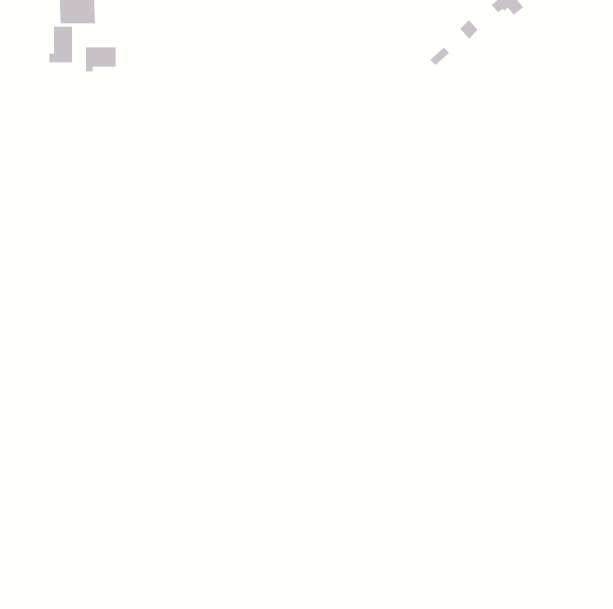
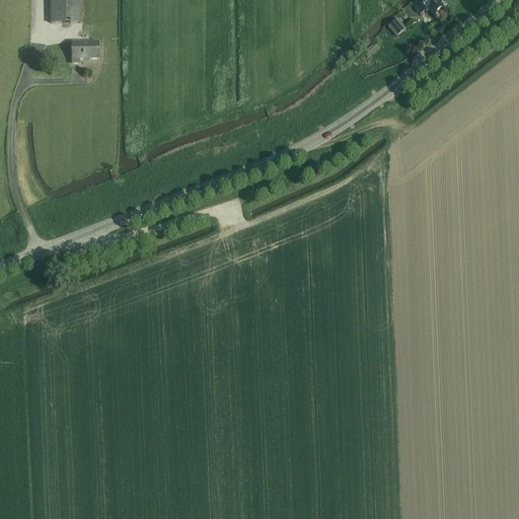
building: [49,26,72,63] -> none

